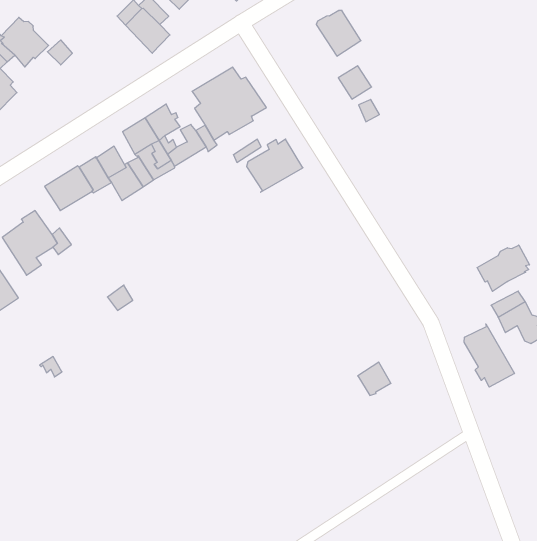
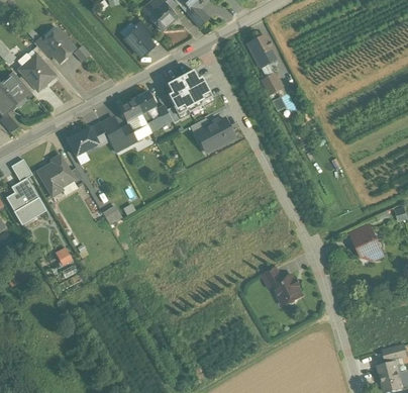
building: [477,245,529,291] -> none
building: [464,324,514,387] -> none
building: none -> [273,275,302,305]

